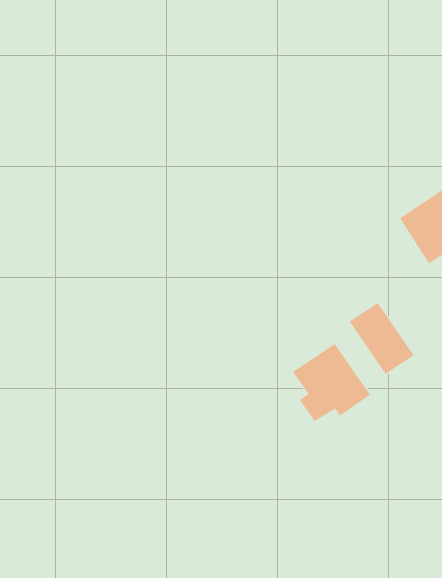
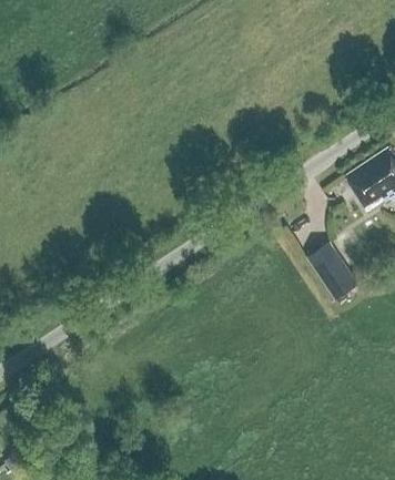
building: [292,343,371,422] -> none

